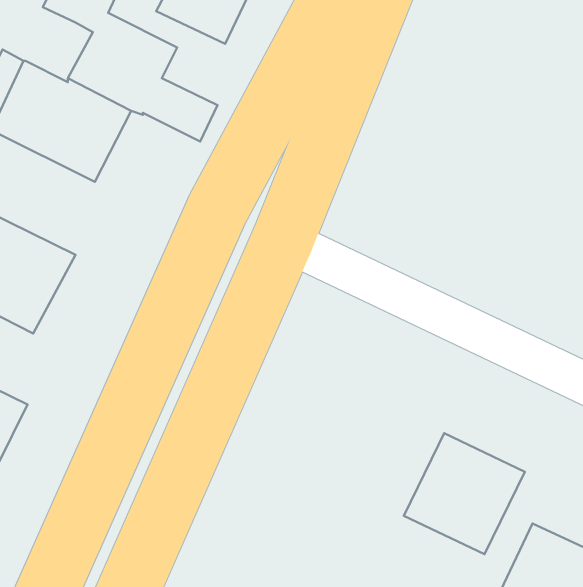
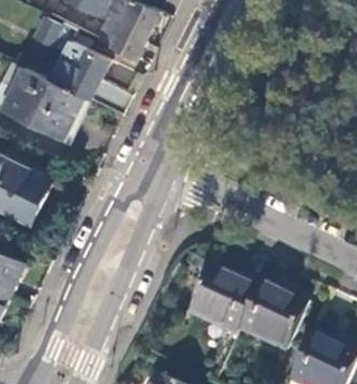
building: none -> [188,266,258,337]

